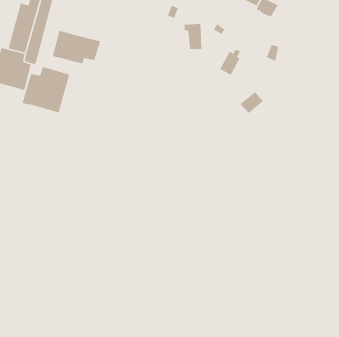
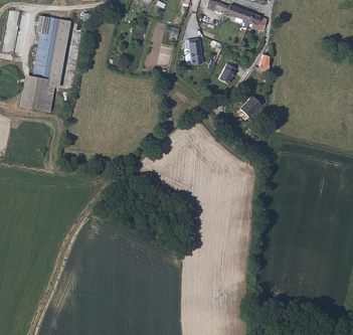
building: [52,30,101,65] -> none
building: [21,66,70,113] -> none

